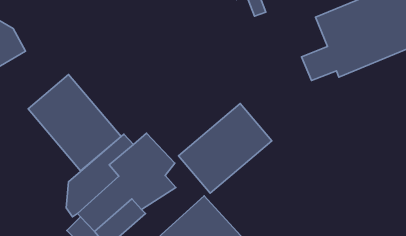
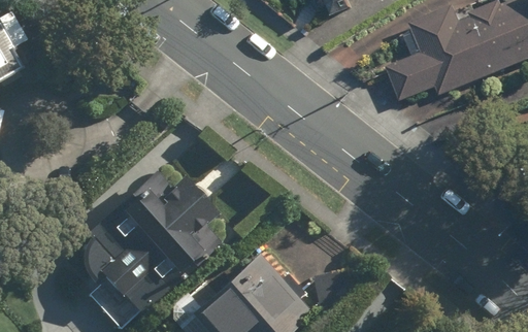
building: [28,74,121,171] -> none
building: [179,104,272,193] -> none

